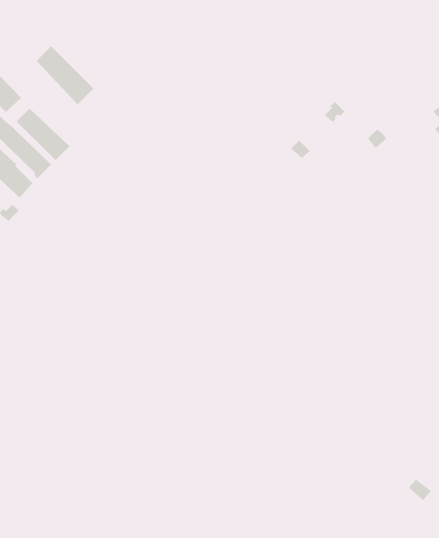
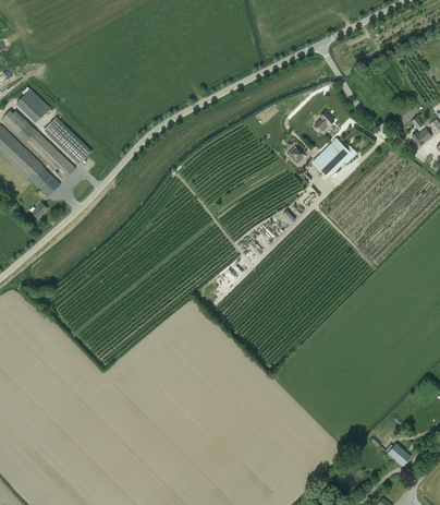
building: [36,46,94,105] -> none
building: none -> [313,139,356,177]

